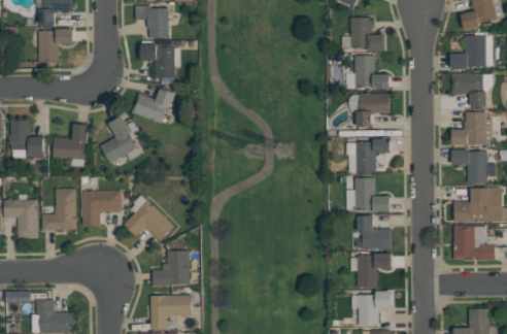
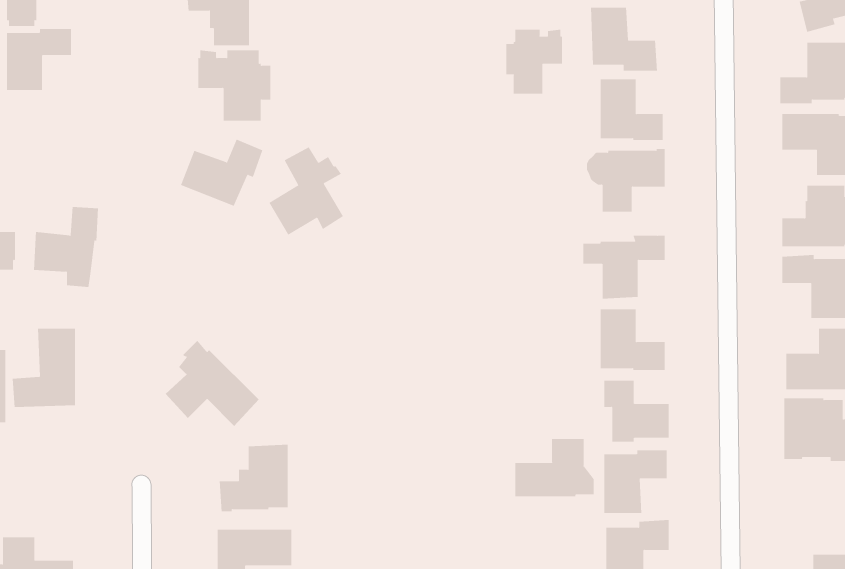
building: none -> [506,29,562,95]
building: [100,116,140,164] -> [268,147,344,236]
building: [82,191,121,226] -> none
building: none -> [515,438,594,497]

